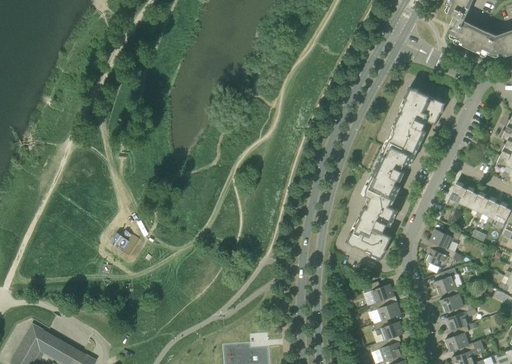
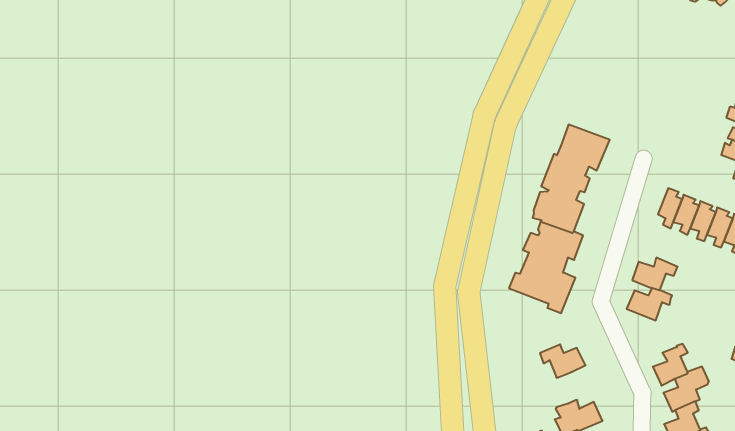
building: [394,85,447,145] -> none
building: [433,267,457,294] -> none
building: [370,299,401,322] -> none

